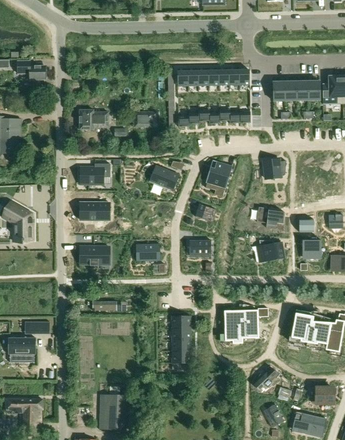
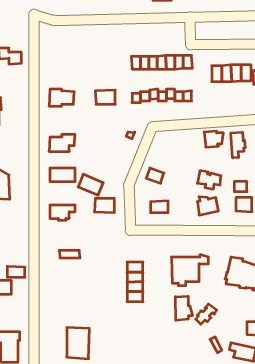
building: [205,161,230,190] -> none
building: none -> [231,132,245,158]
building: [150,165,180,190] -> [78,174,103,195]
building: none -> [175,296,192,320]

